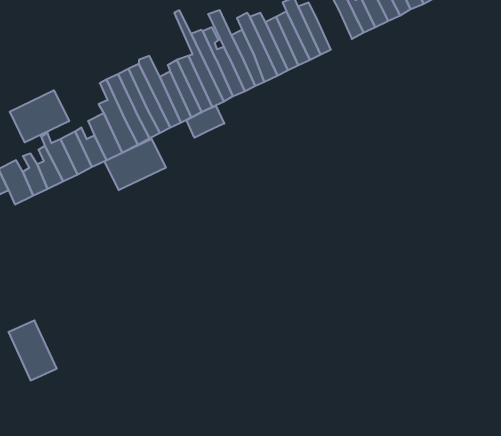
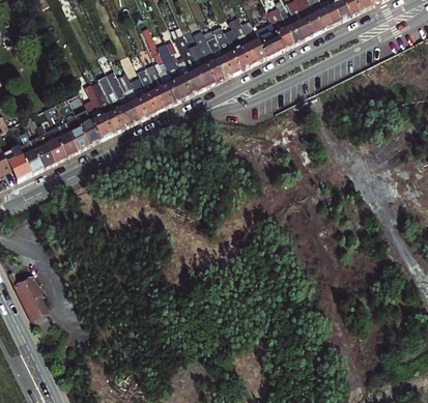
building: none -> [258,27,285,58]
building: [10,90,69,142] -> none
building: [186,106,224,138] -> none
building: [105,139,166,190] -> none

